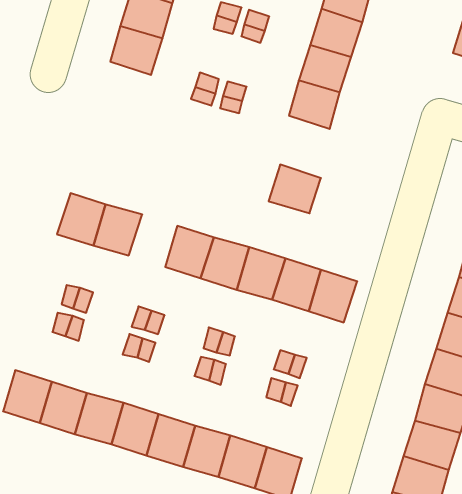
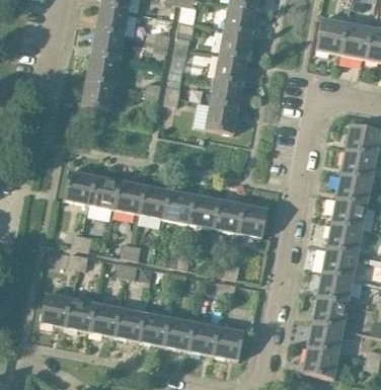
building: none -> [81,80,115,110]
building: [269,165,321,213] -> [205,103,238,134]
building: none -> [112,180,143,214]

